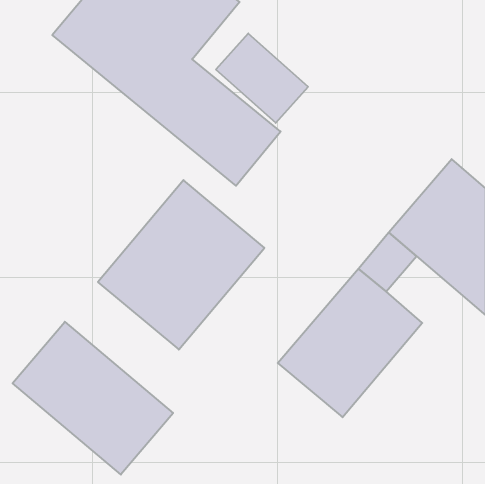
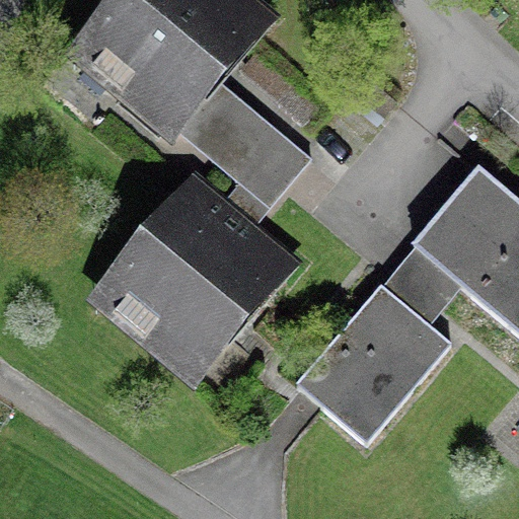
building: [13,322,173,475] -> none

